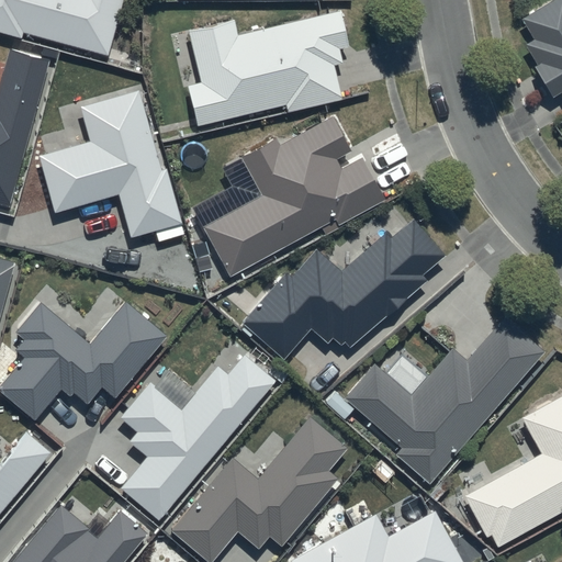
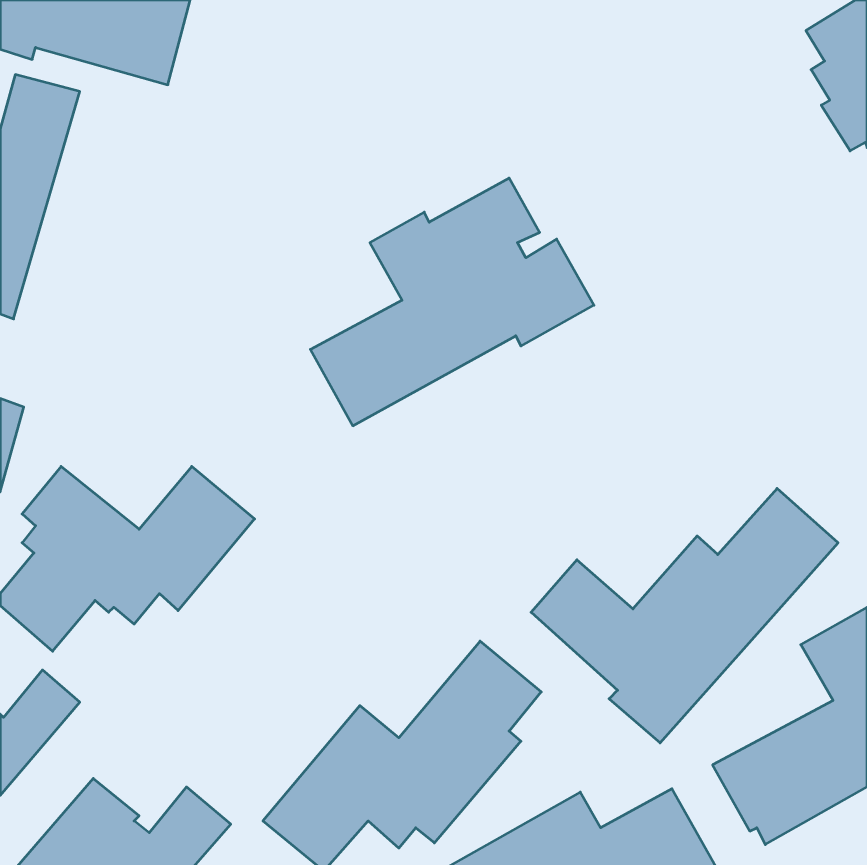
building: [186,11,347,126] -> none
building: [38,91,182,239] -> none
building: [239,220,442,359] -> none
building: [121,357,276,520] -> none

